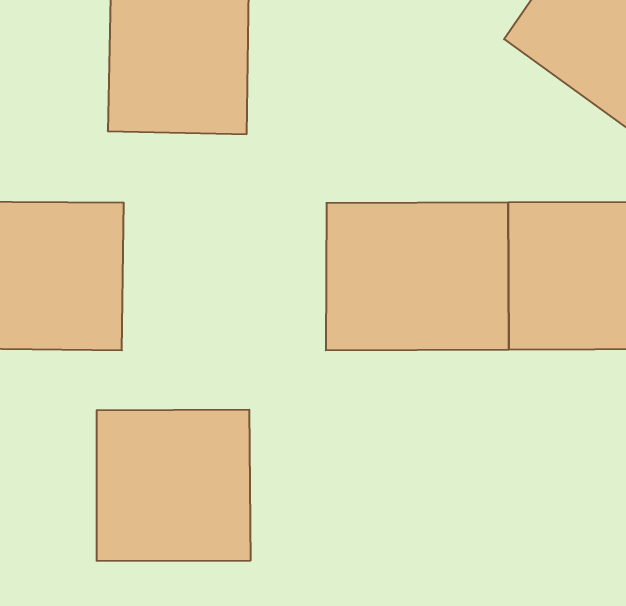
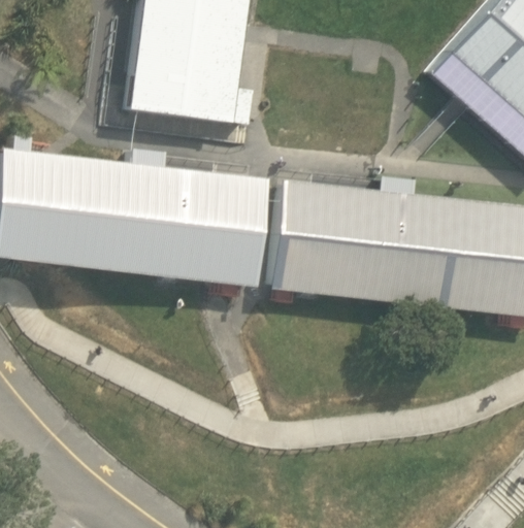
building: none -> [120,163,268,287]
building: [97,410,250,561] -> none

